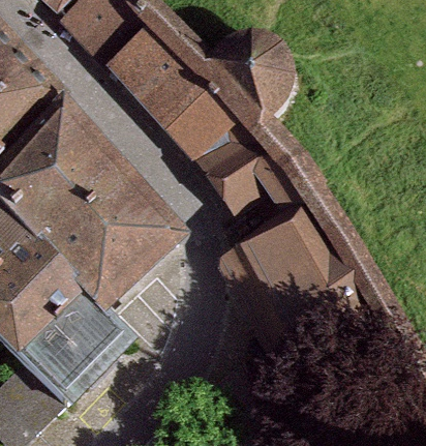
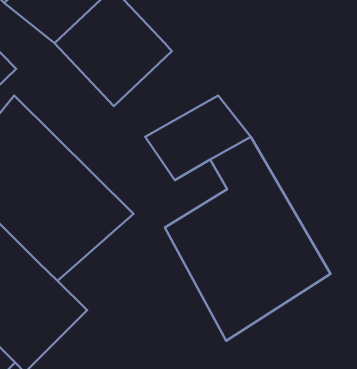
building: [161,41,296,158] -> none

